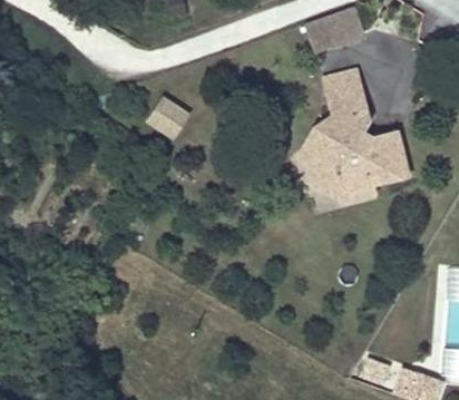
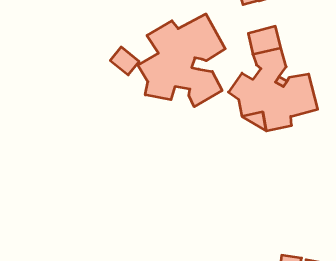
building: none -> [138,14,225,107]

